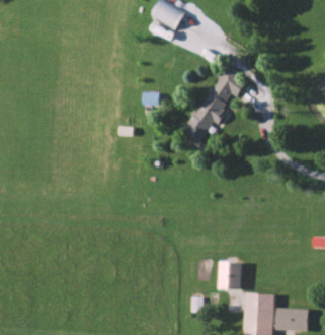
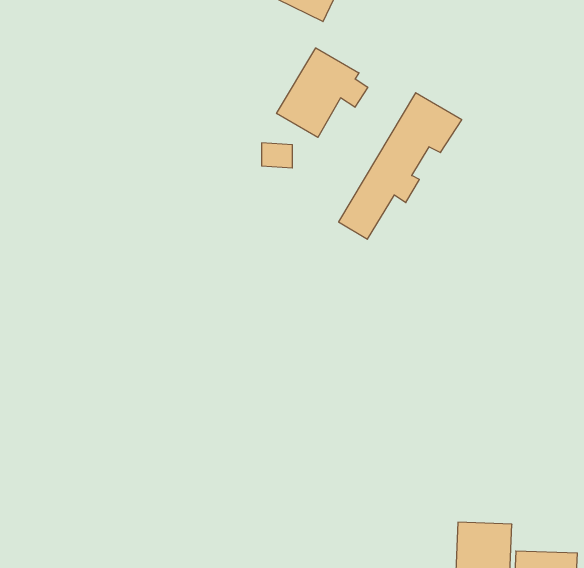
building: none -> [277,48,368,137]
building: [219,262,242,289] -> none

